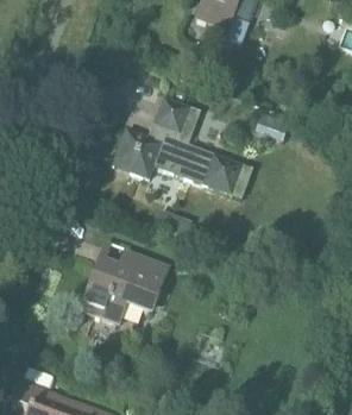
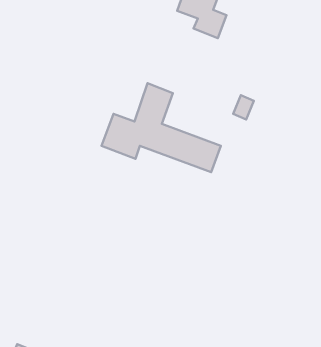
building: [81,256,166,322] -> none

